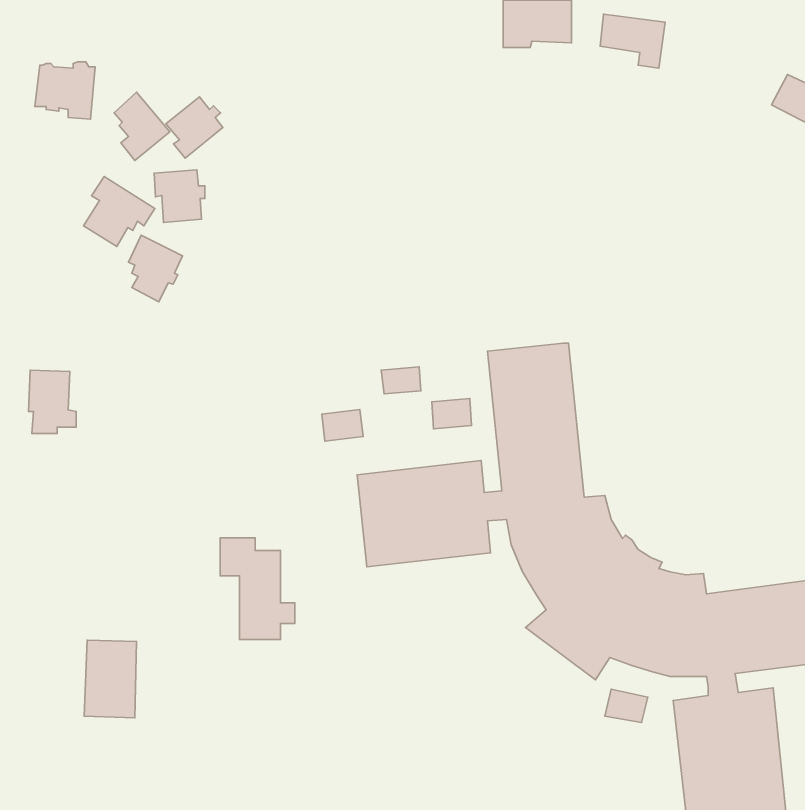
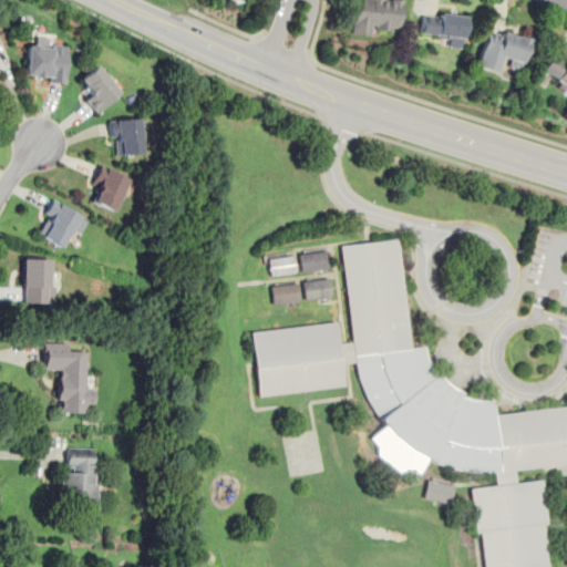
building: none -> [478,28,532,73]
building: [166,97,223,158] -> none
building: [83,177,155,247] -> [41,199,91,248]
building: none -> [301,250,331,272]
building: [322,409,363,441] -> [274,284,302,306]
building: [220,538,295,640] -> [45,343,97,414]

